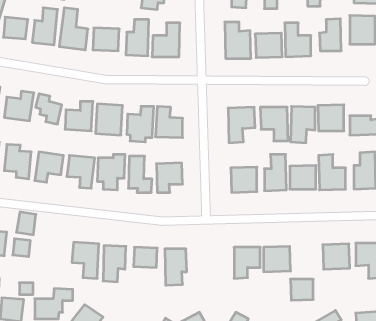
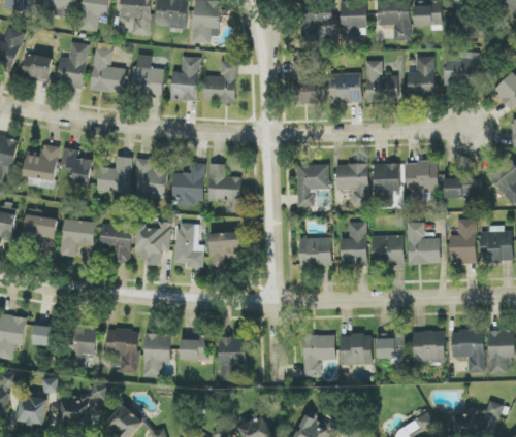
building: [16,212,36,235] -> [73,328,97,356]
building: [290,279,313,300] -> [377,333,405,359]

